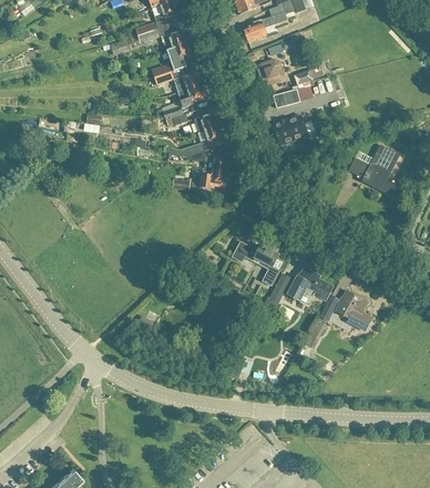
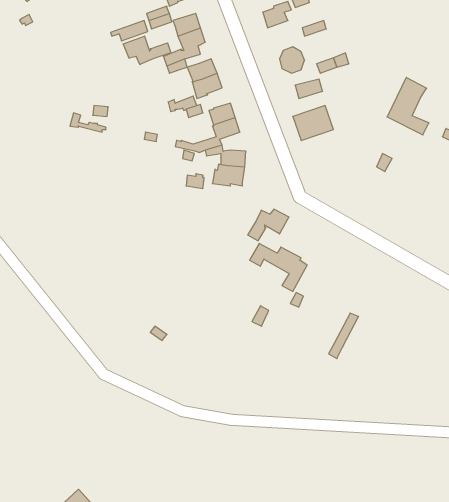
building: none -> [123,36,171,65]
building: [362,144,401,197] -> [387,77,429,135]
building: none -> [248,209,289,241]
building: [287,268,331,303] -> none
building: [335,290,373,332] -> none

